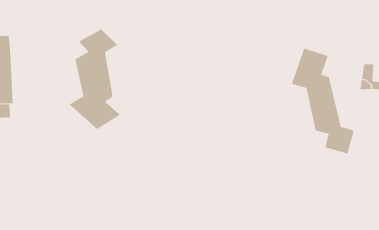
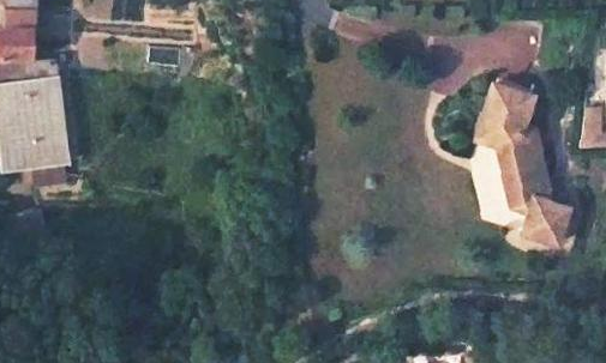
building: [68,28,121,130] -> none

